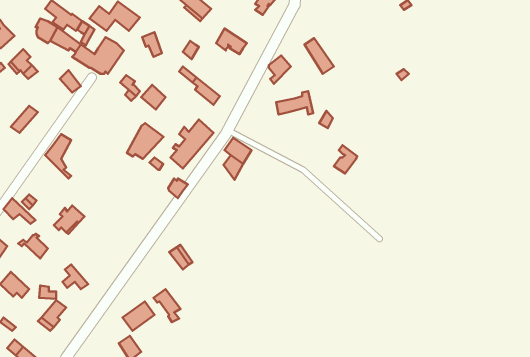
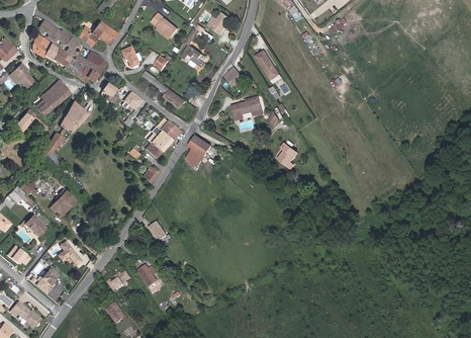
building: none -> [34,86,64,113]
building: [127,123,164,159] -> [59,101,89,131]

